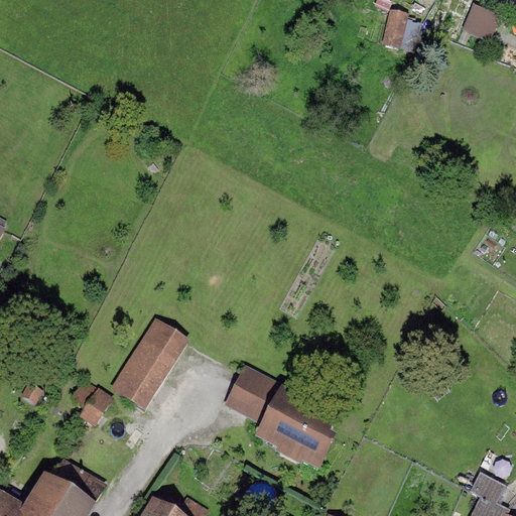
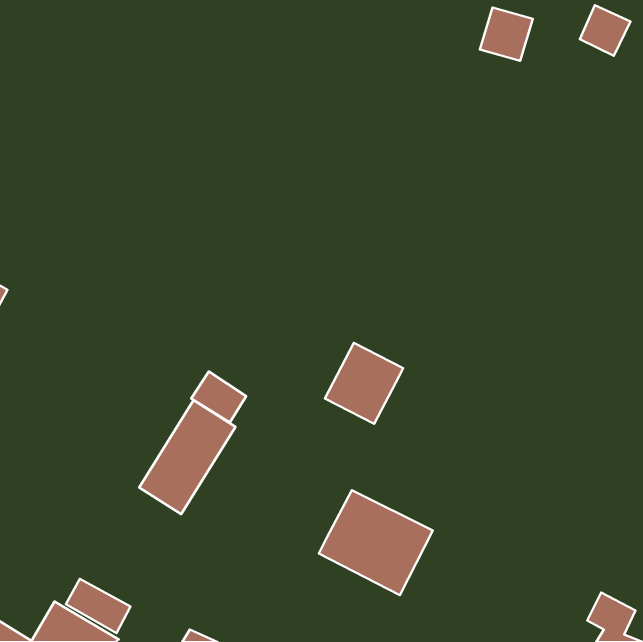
building: none -> [191,372,246,423]
building: [221,364,283,428] -> [325,343,403,424]
building: [73,382,113,426] -> none

